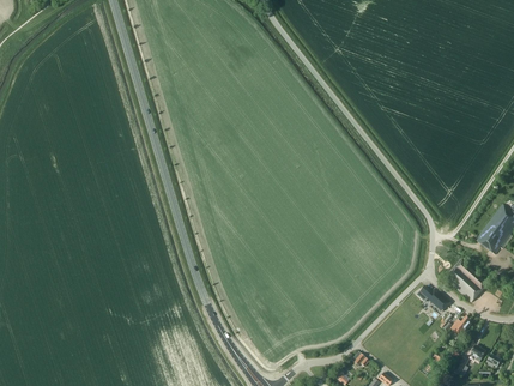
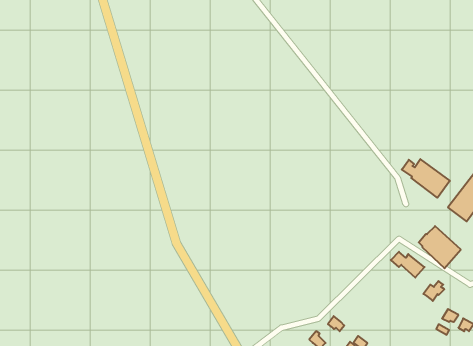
building: none -> [402,159,450,198]

